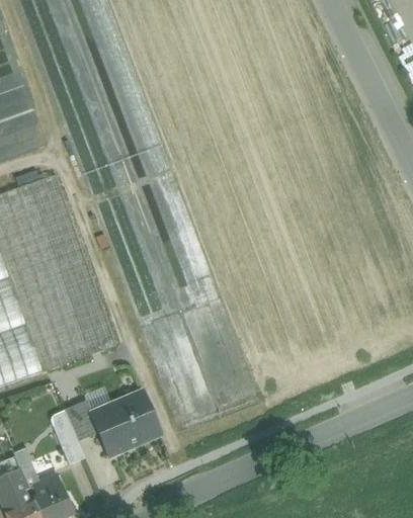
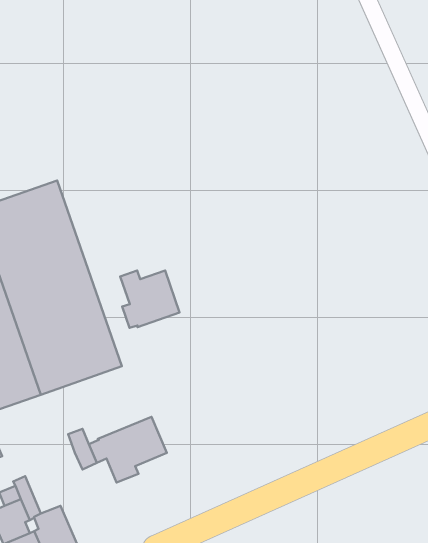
building: none -> [120,270,179,328]
building: [56,427,84,464] -> none

